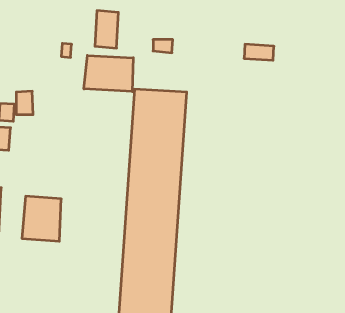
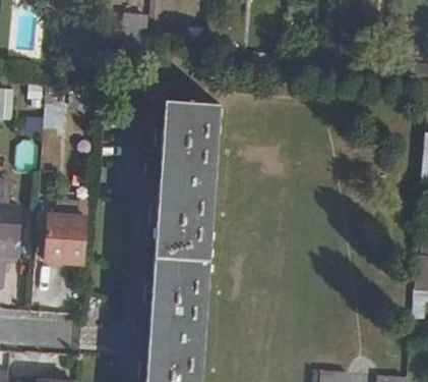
building: [84,55,133,92] -> none

